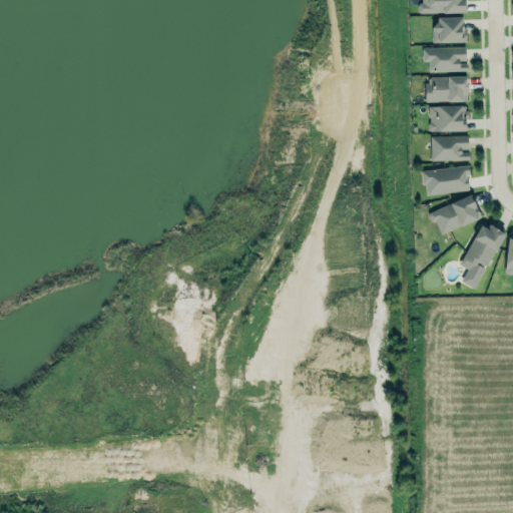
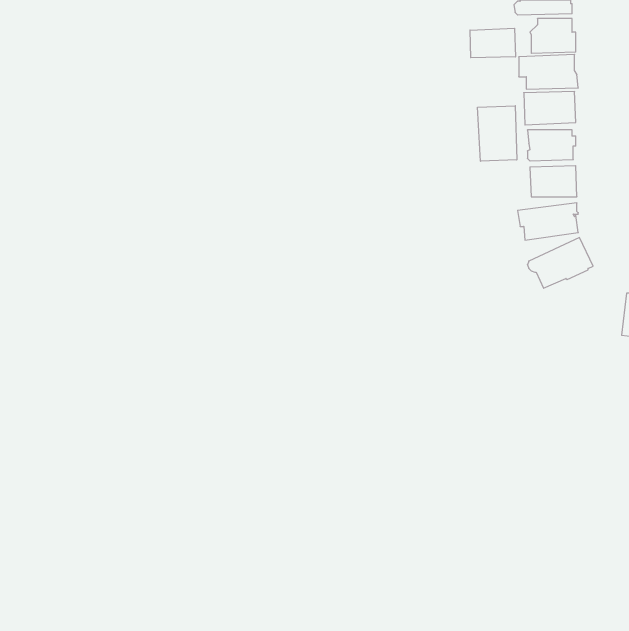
building: none -> [470,28,515,58]
building: none -> [478,106,517,161]
building: [461,224,506,289] -> none

